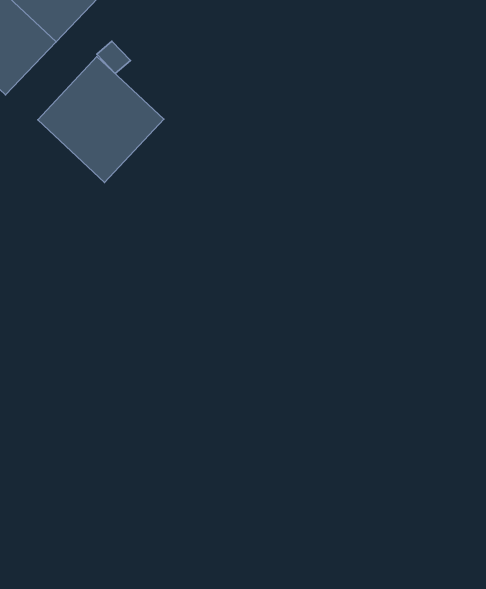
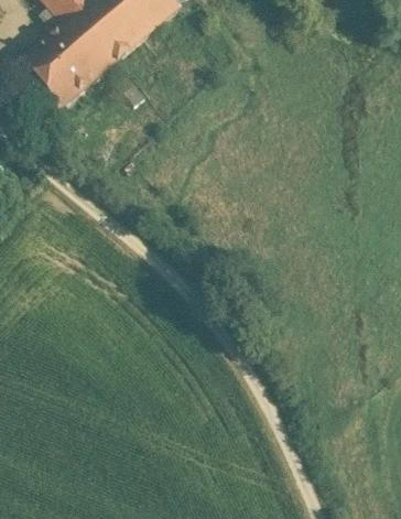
building: [38,56,164,183] -> none

